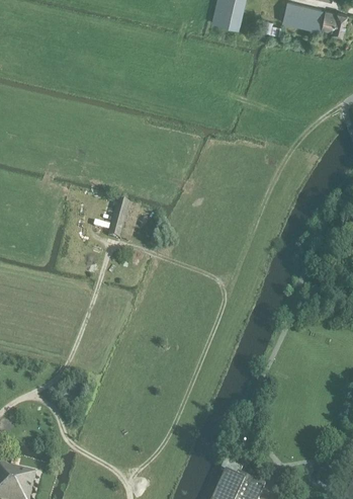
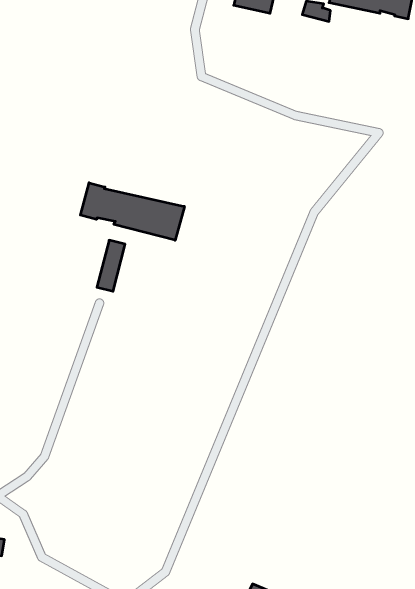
building: none -> [80,183,184,240]

